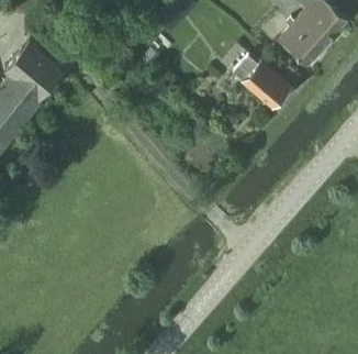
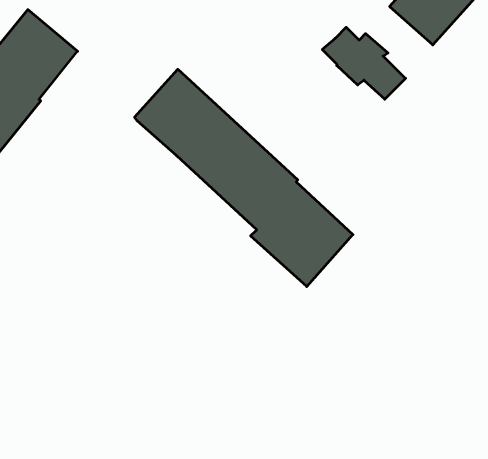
building: none -> [135,69,353,287]

